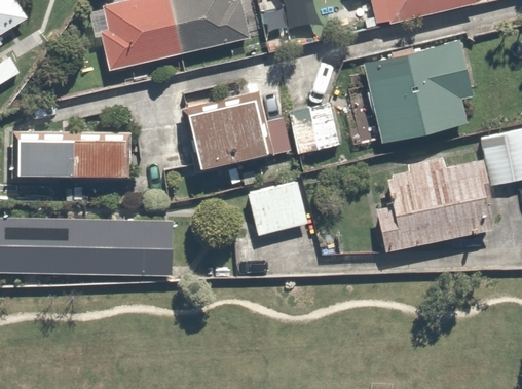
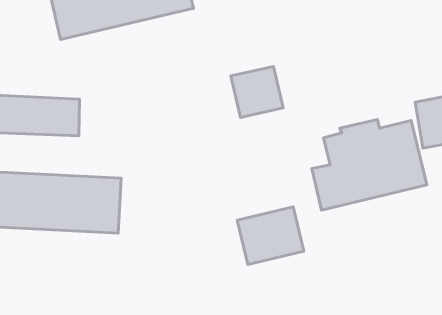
building: [361,38,473,145] -> none
building: [179,93,266,173] -> none
building: [244,179,314,240] -> [237,207,304,265]

